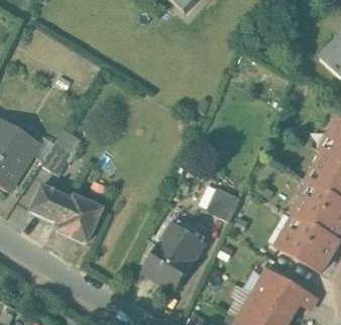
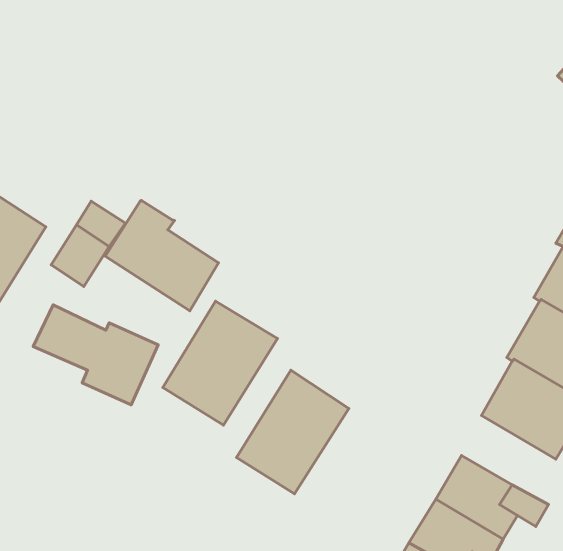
building: none -> [105,201,219,311]
building: none -> [163,301,278,425]
building: [206,186,240,221] -> none

